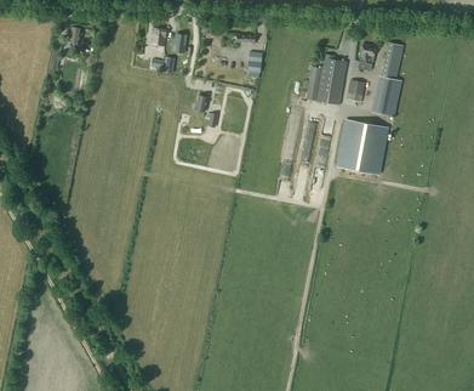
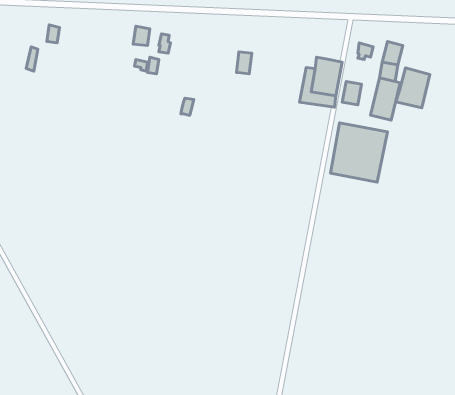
building: none -> [396,68,430,108]

